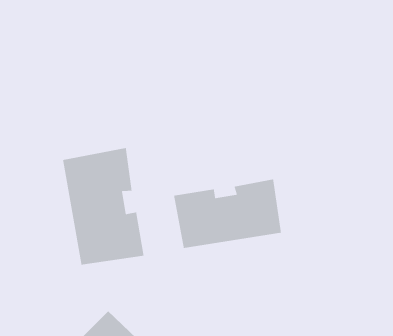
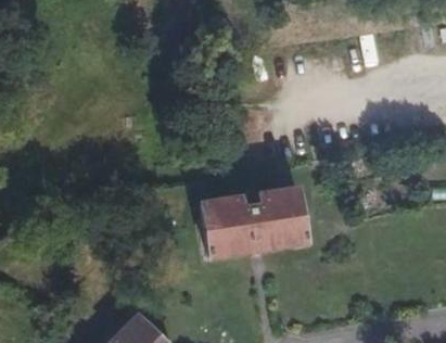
building: [62,147,145,266] -> none

